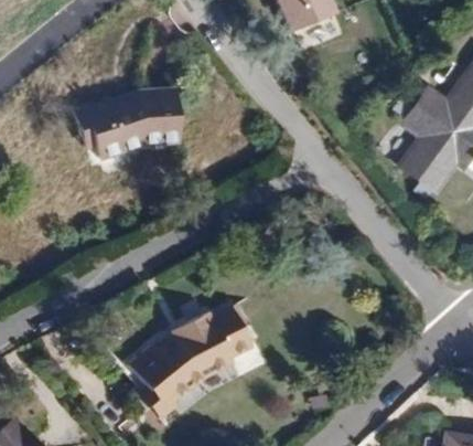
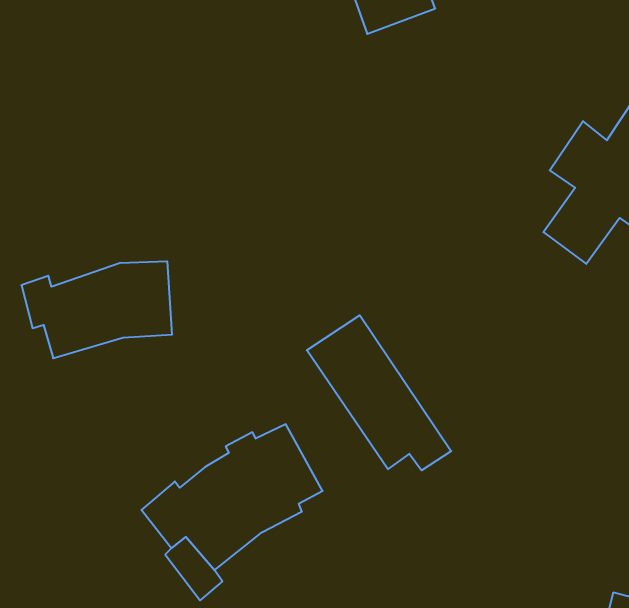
building: [75,88,180,156] -> [21,261,172,358]
building: none -> [307,315,451,470]

